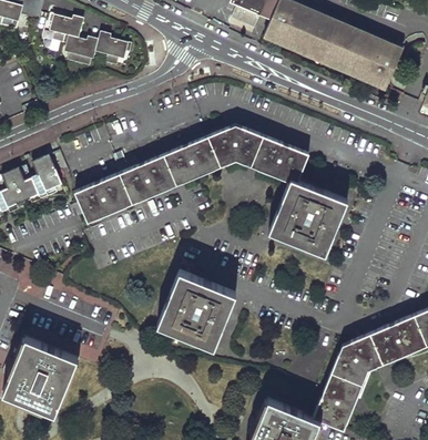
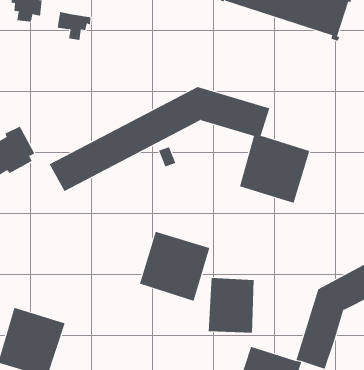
building: [67,37,96,66] -> none
building: none -> [208,277,254,334]

